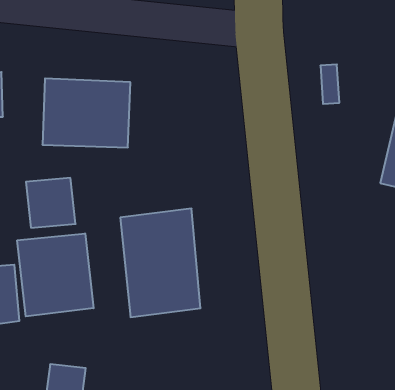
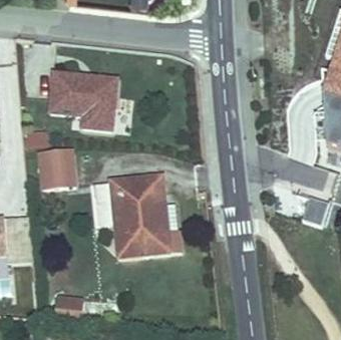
building: [17,233,94,316] -> none

